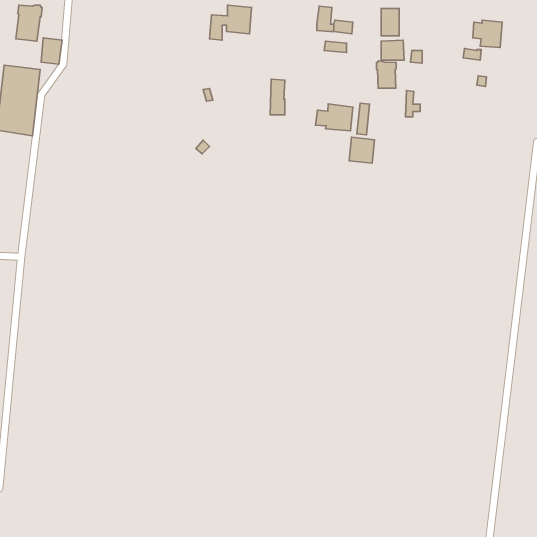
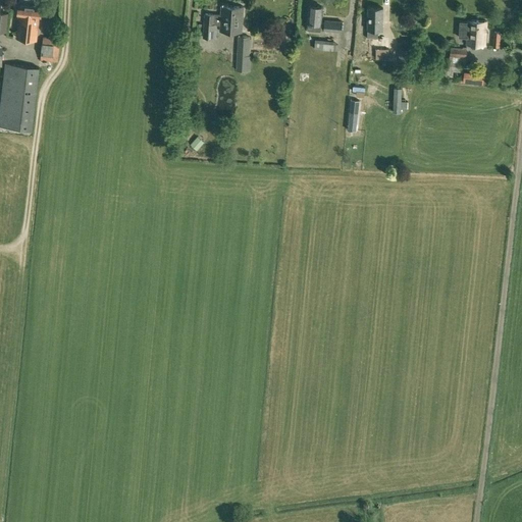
building: [377,61,396,88] -> none
building: [270,79,285,115] -> [236,37,250,71]
building: [316,104,353,131] -> none
building: [349,137,374,163] -> none

